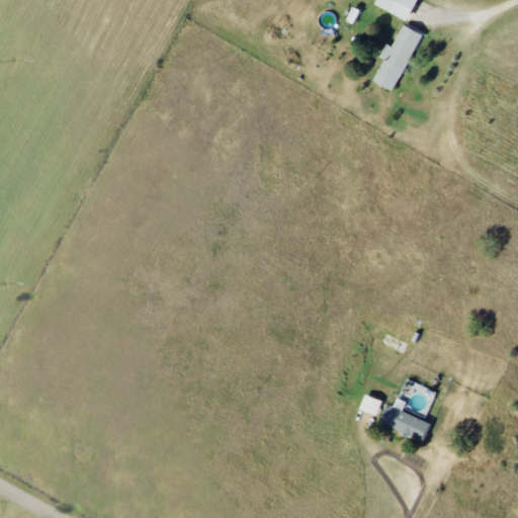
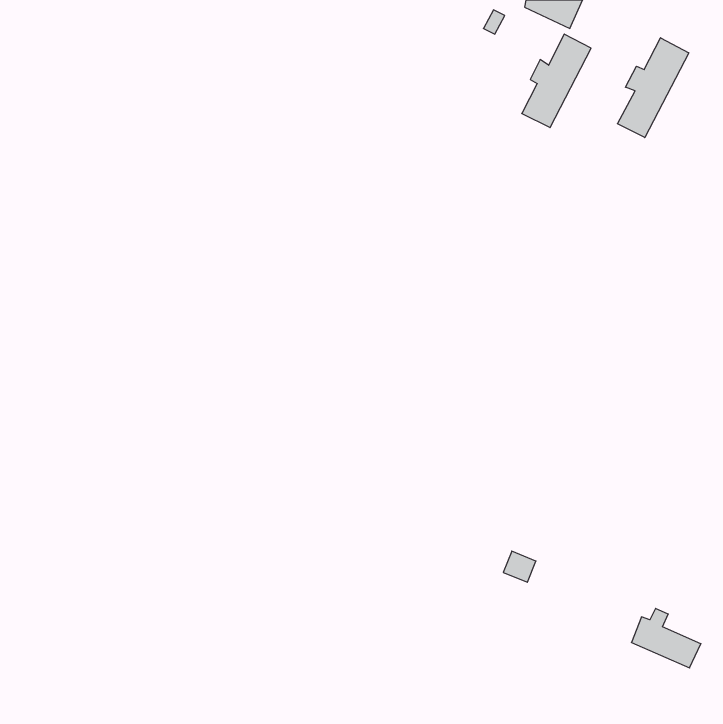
building: none -> [617,38,689,138]
building: [379,398,429,440] -> [631,608,701,668]

